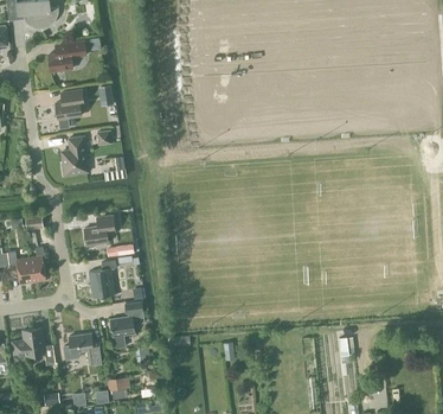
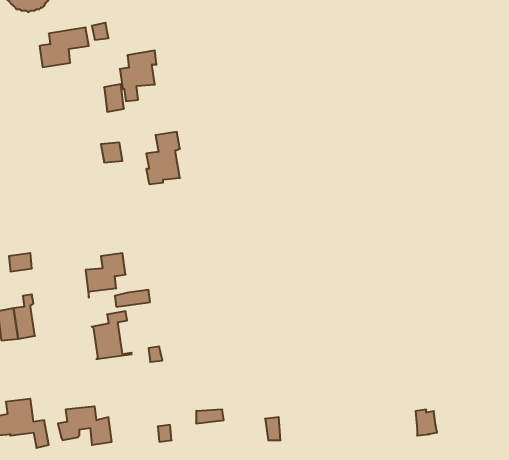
building: [54,90,83,129] -> [120,51,157,101]
building: [62,136,88,177] -> [146,132,180,184]
building: [110,302,143,349] -> none

